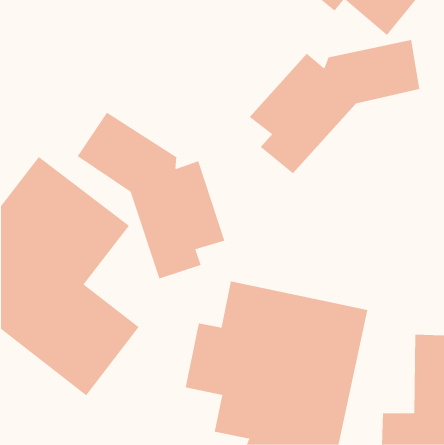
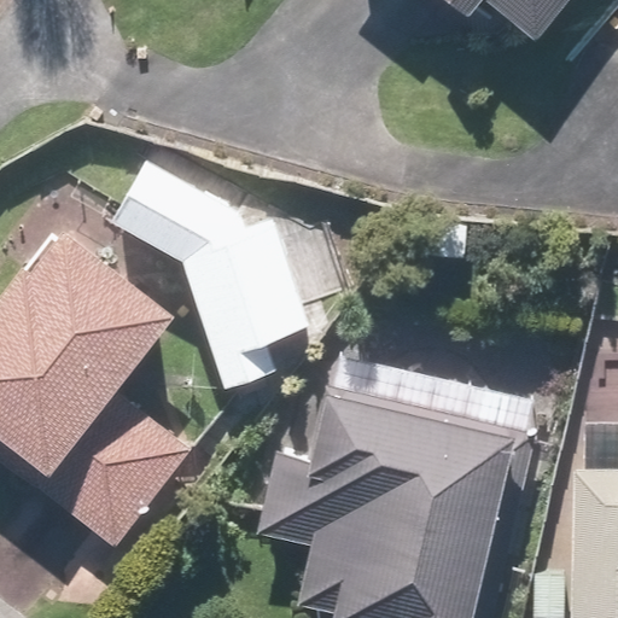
building: [249,39,420,174] -> none

